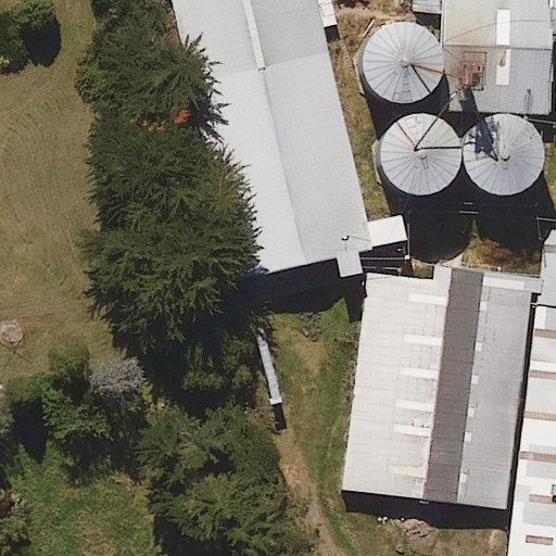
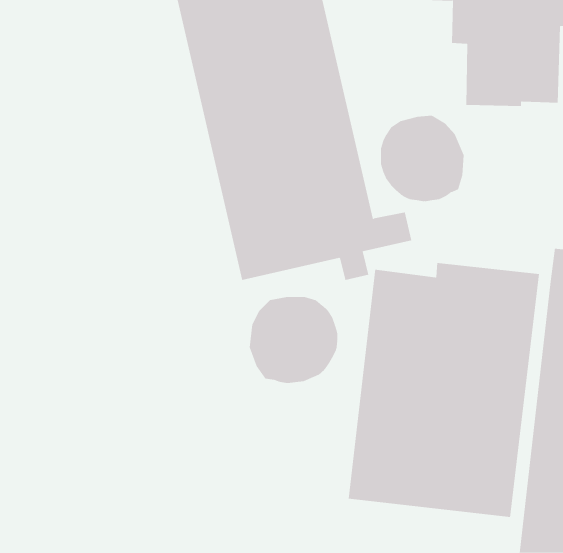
building: [359,22,443,106] -> none
building: [463,114,544,201] -> none
building: none -> [249,296,338,384]

